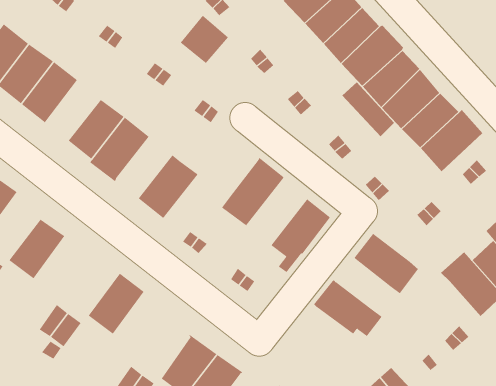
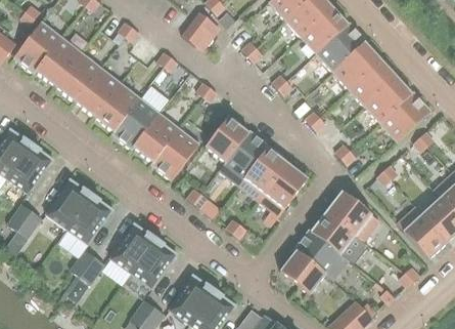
building: none -> [75,67,120,116]
building: [341,82,395,137] -> none
building: none -> [133,113,178,161]
building: none -> [204,116,247,162]
building: none -> [238,148,287,201]
building: none -> [65,194,111,244]
building: none -> [311,211,355,253]
building: none -> [130,239,175,288]
building: none -> [279,251,325,294]

